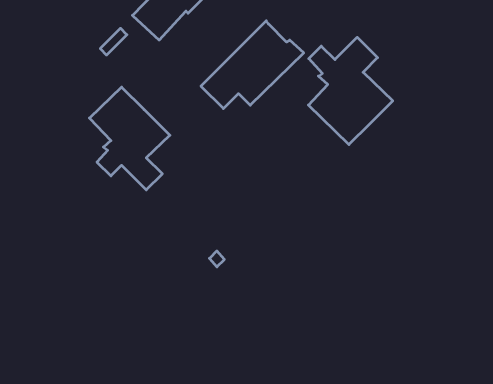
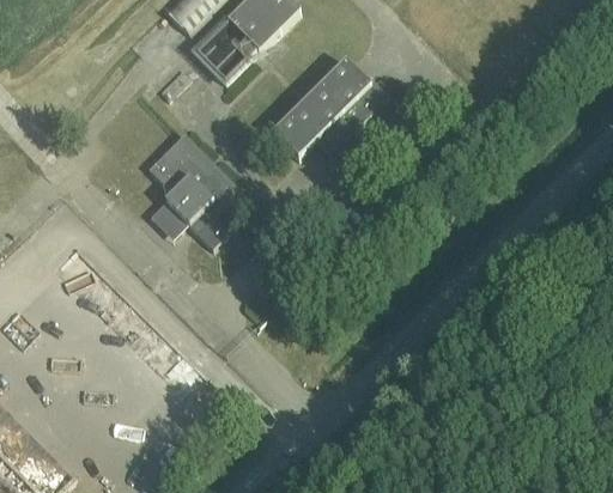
building: [308,37,393,145] -> none

